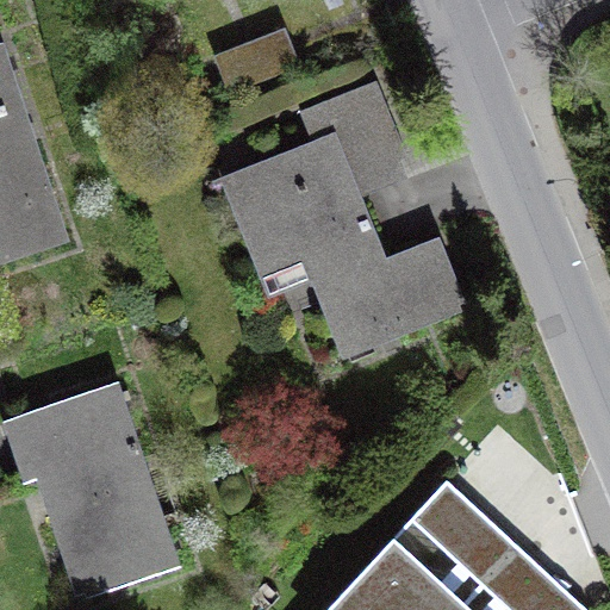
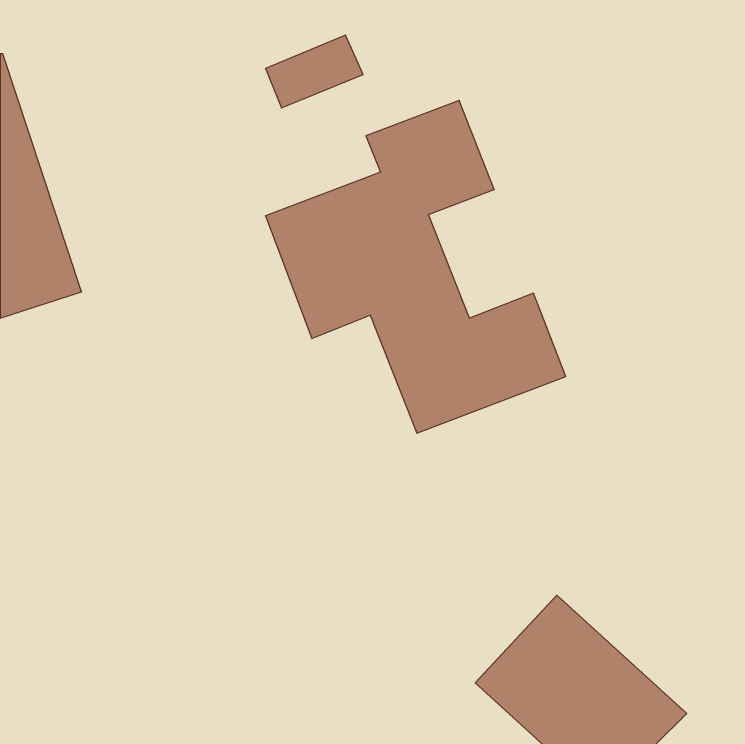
building: [10,384,178,596] -> none

